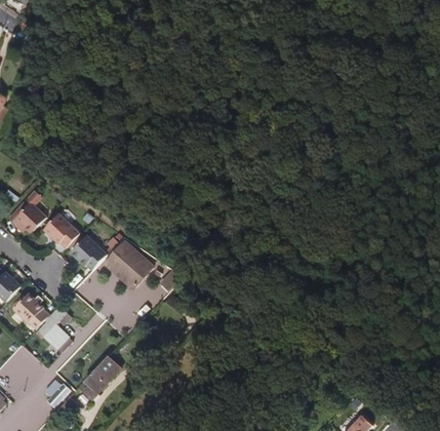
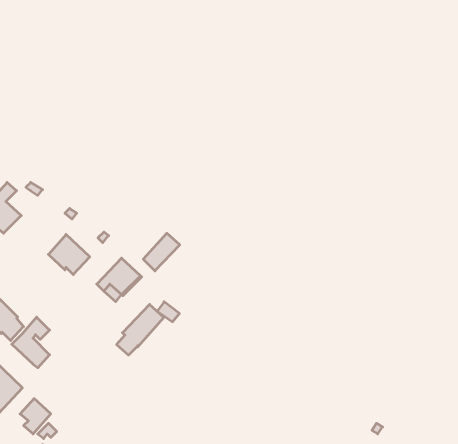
building: [43,213,79,247] -> none
building: [102,244,133,277] -> [143,233,180,271]
building: [80,356,121,400] -> [117,304,164,355]

